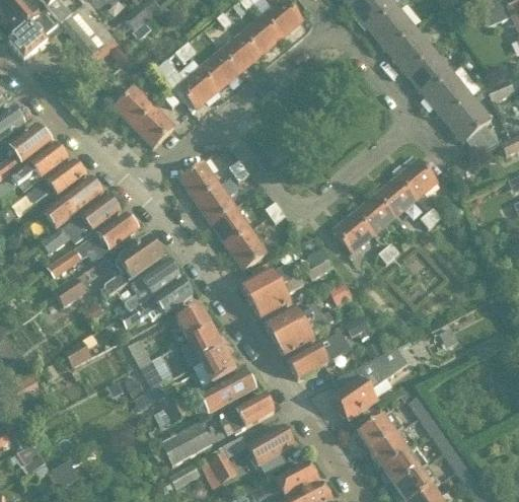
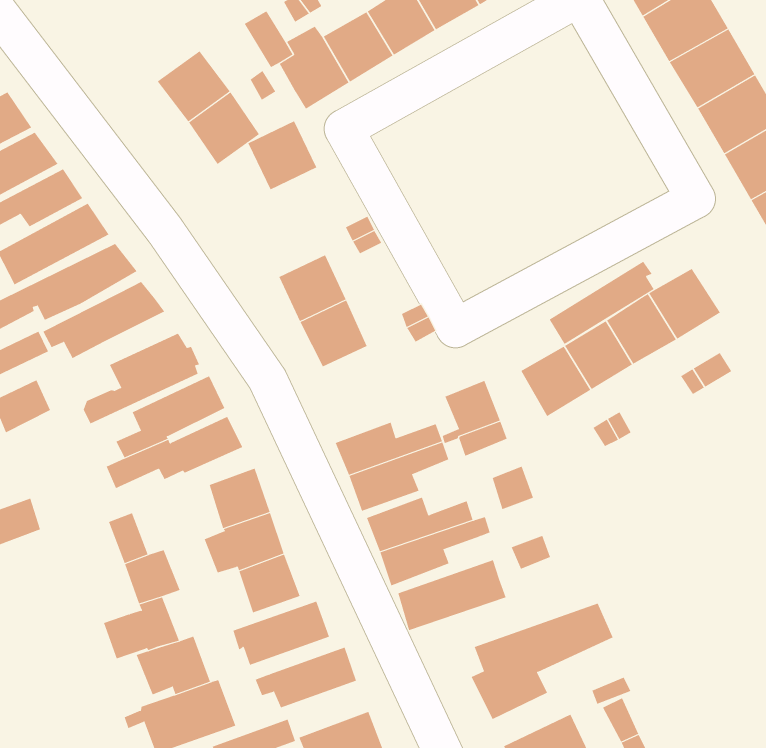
building: none -> [549,261,654,345]
building: [180,160,220,200] -> [247,120,317,190]
building: [228,229,268,269] -> none

